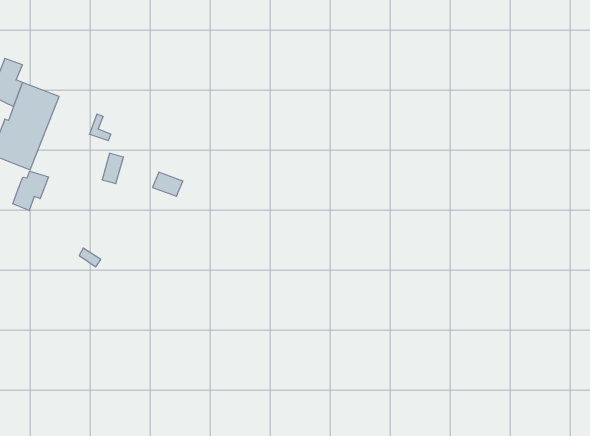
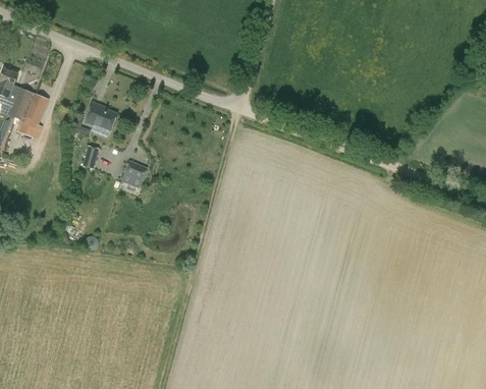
building: none -> [86,102,118,129]
building: [13,171,49,211] -> none

